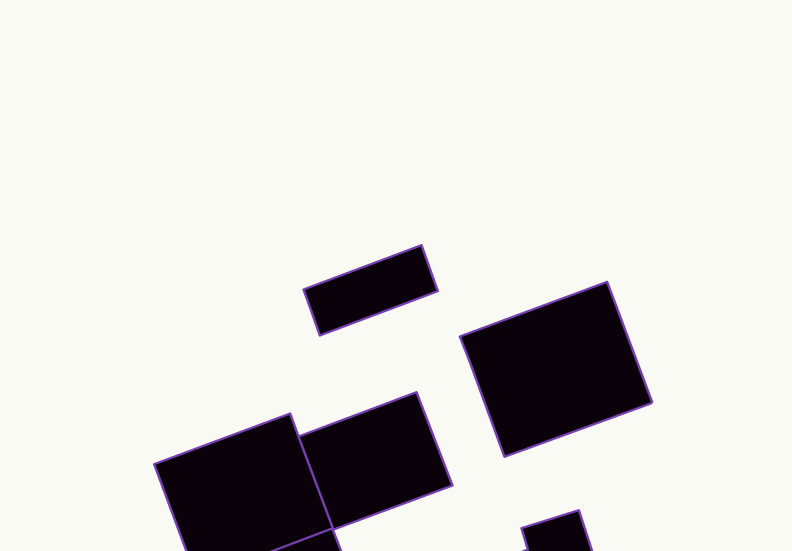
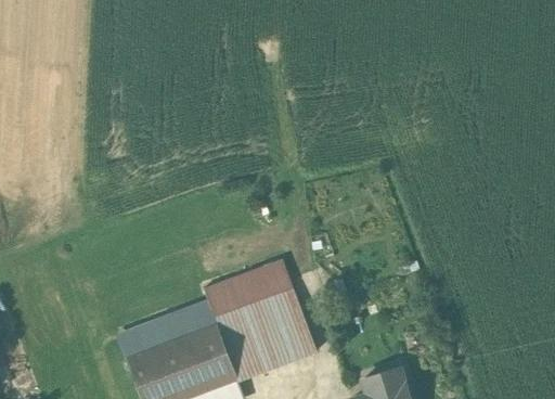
building: [304,245,438,336] -> [204,259,293,319]
building: [460,282,652,457] -> none

